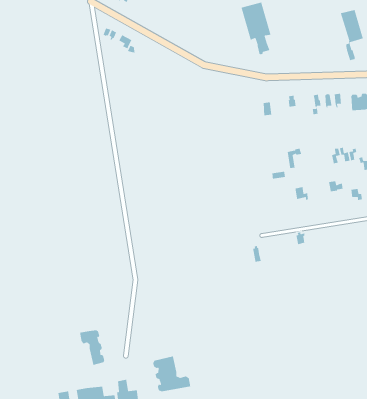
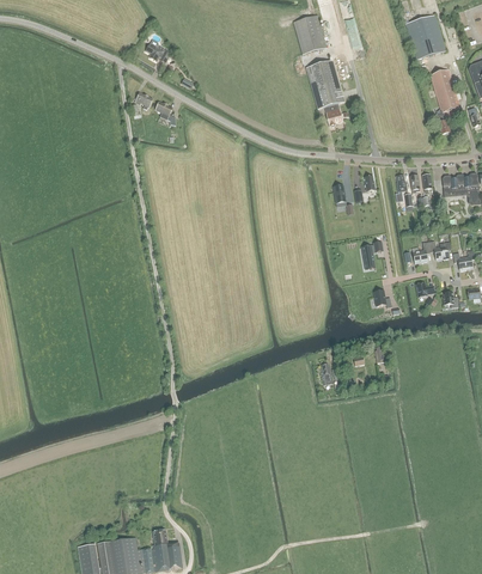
building: [79,329,105,366] -> none
building: [152,356,191,392] -> none

